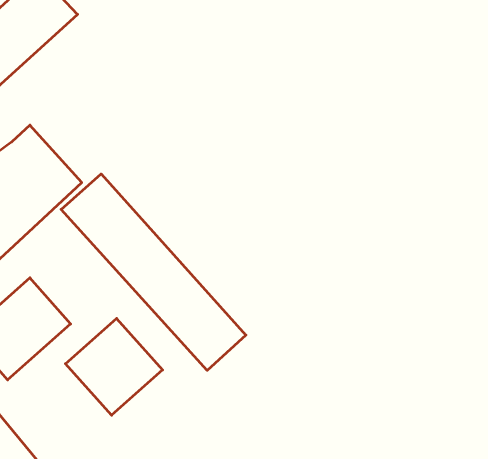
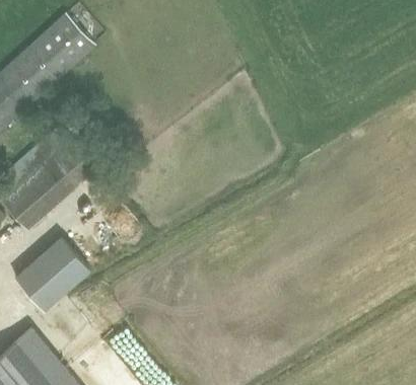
building: [61,174,246,370] -> none
building: [65,318,163,415] -> none

